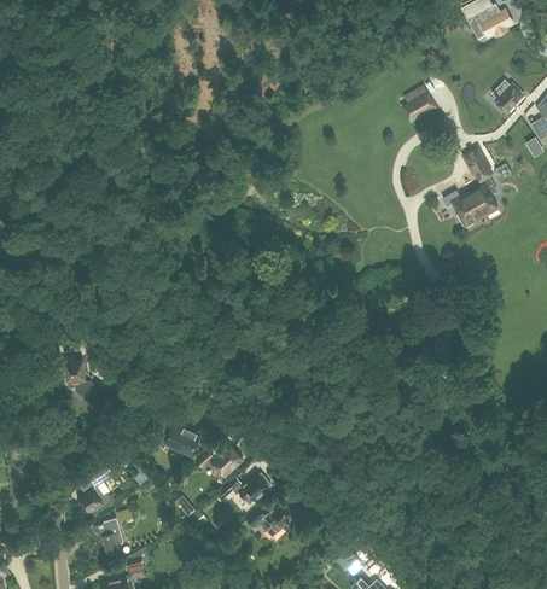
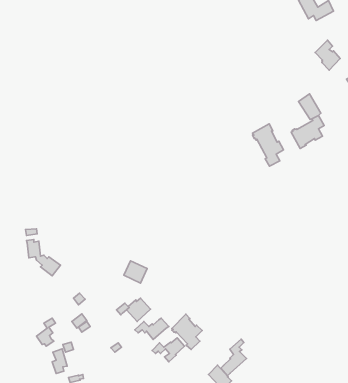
building: [401,84,437,123] -> none
building: none -> [253,124,284,166]
building: [165,422,199,455] -> [124,261,147,283]
building: none -> [172,314,202,350]
building: none -> [221,339,246,376]

